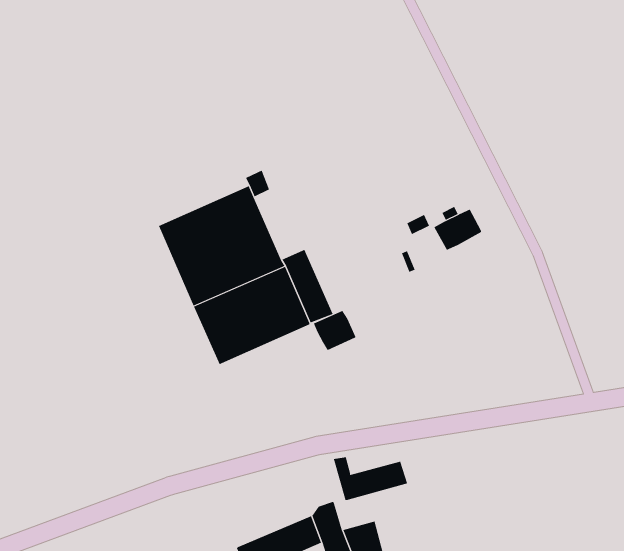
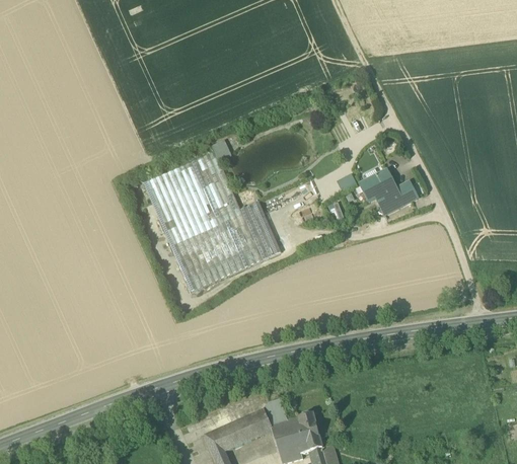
building: none -> [377,182,418,214]
building: [313,310,356,351] -> none
building: [333,456,408,501] -> none

